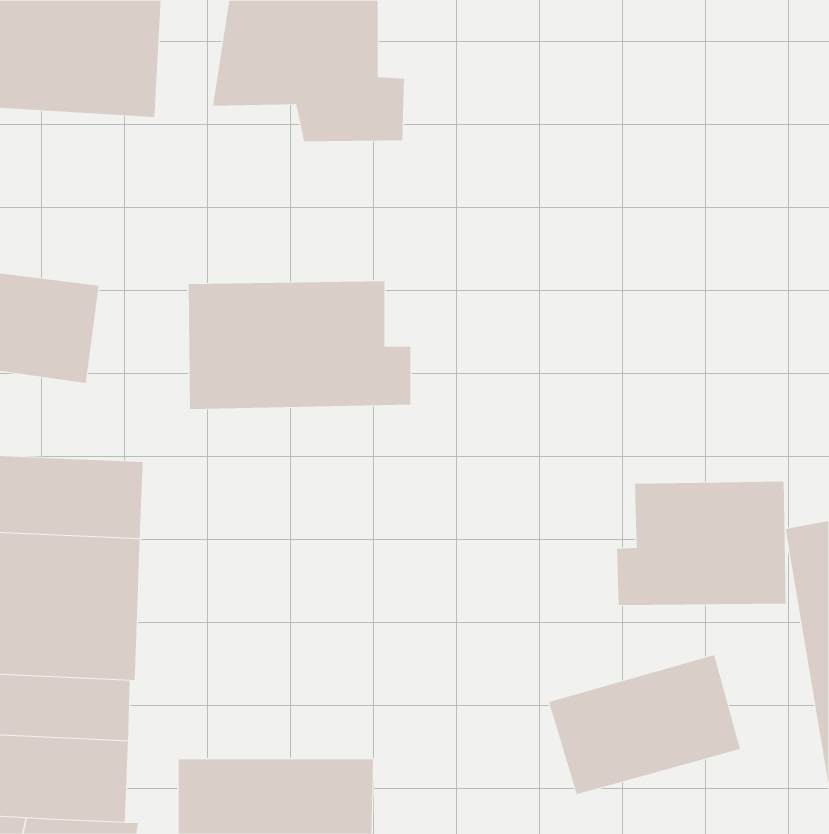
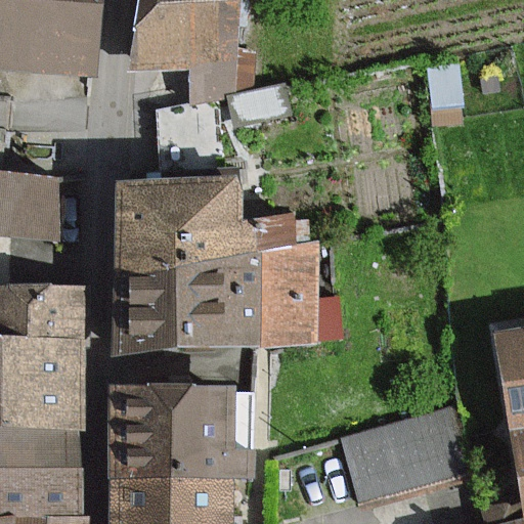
building: none -> [119,218,316,343]
building: [616,481,786,606] -> none
building: none -> [112,384,255,476]

